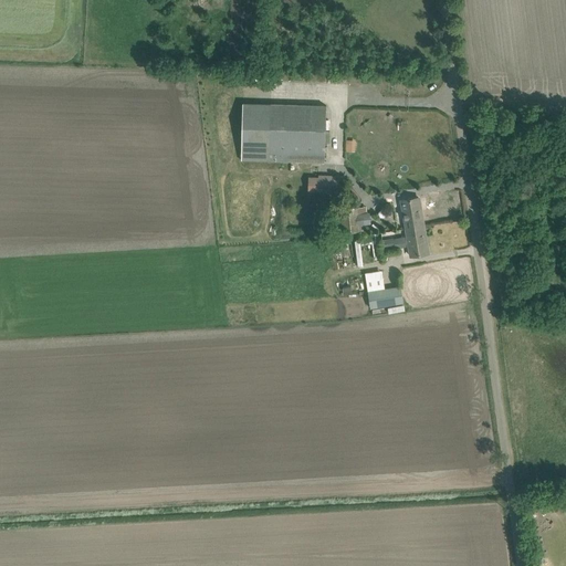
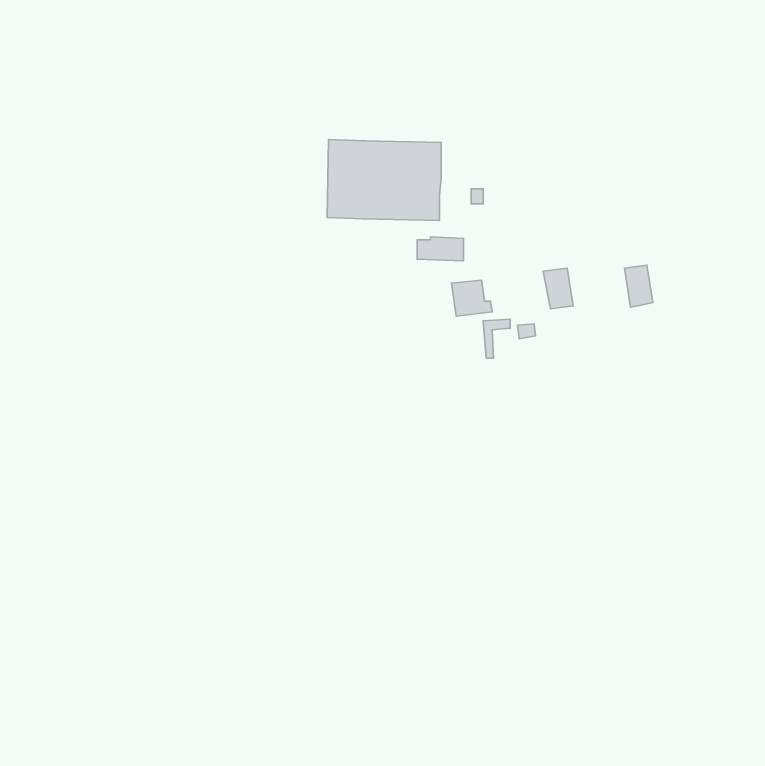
building: [406,226,427,256] -> [624,265,653,307]
building: [364,271,401,308] -> none

